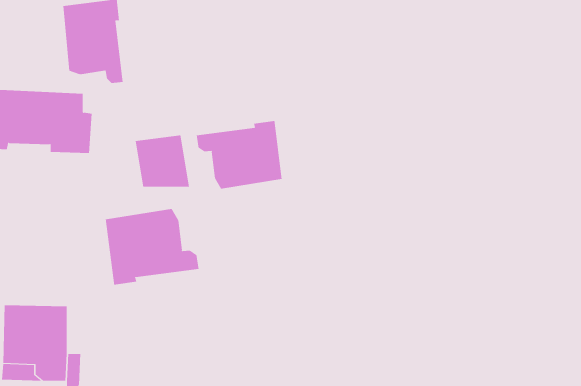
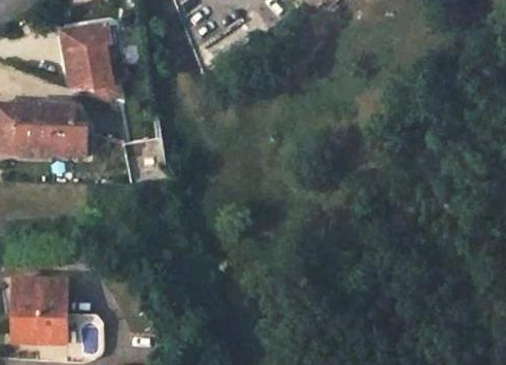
building: [196,120,282,189] -> none
building: [105,208,199,285] -> none

